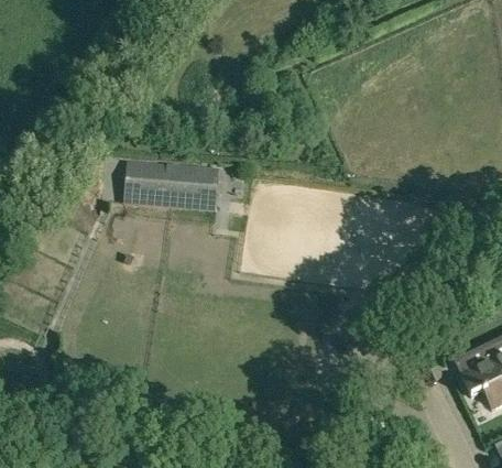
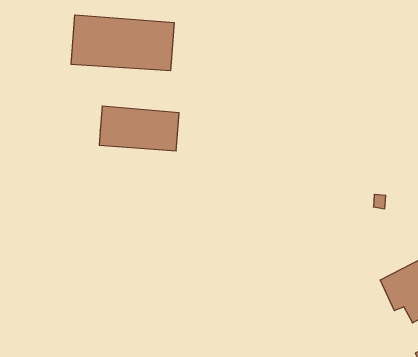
building: none -> [71,15,174,71]

